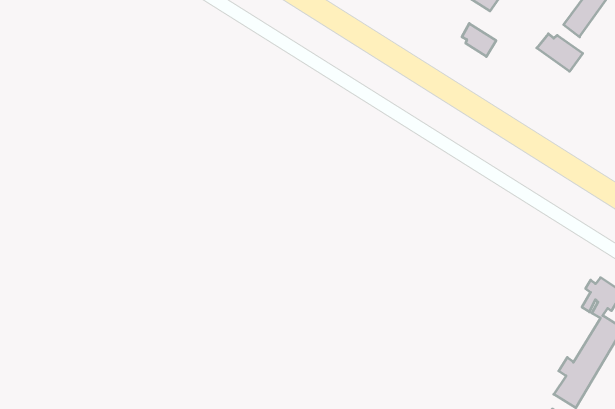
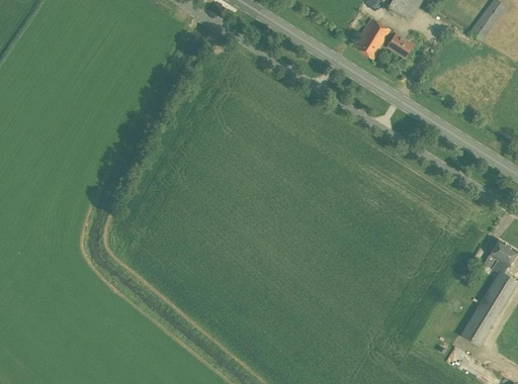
building: none -> [354,18,392,60]
building: [537,34,583,71] -> none

